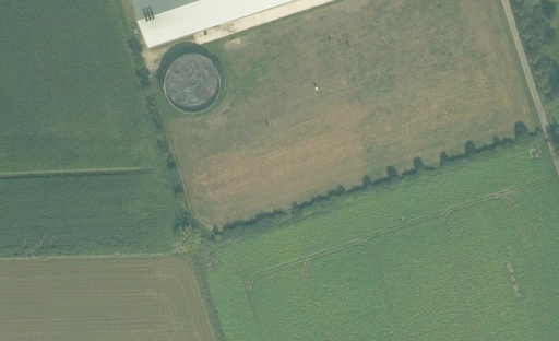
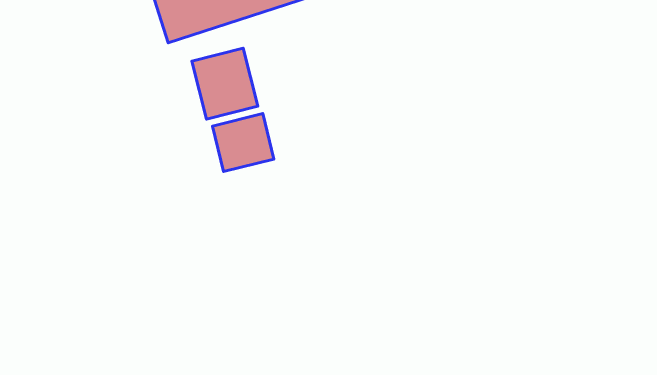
building: none -> [212,114,274,172]

